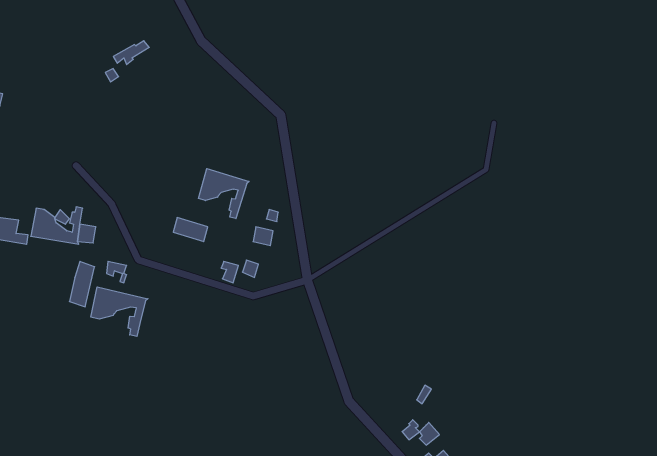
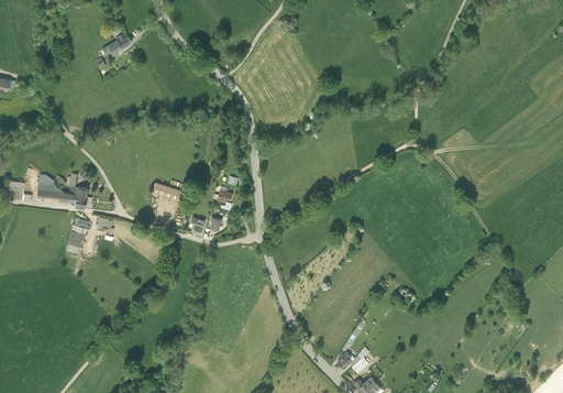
building: [198,169,249,219] -> none
building: [91,287,148,336] -> none

